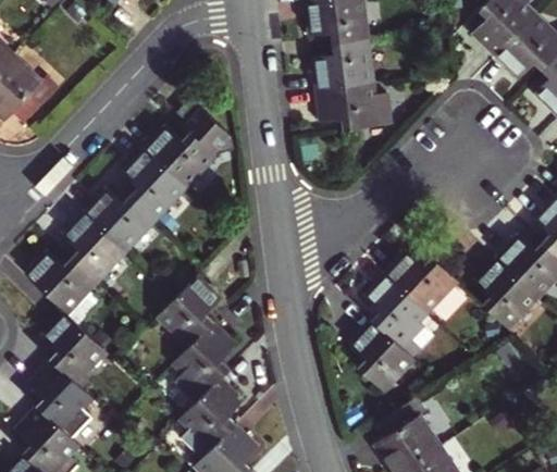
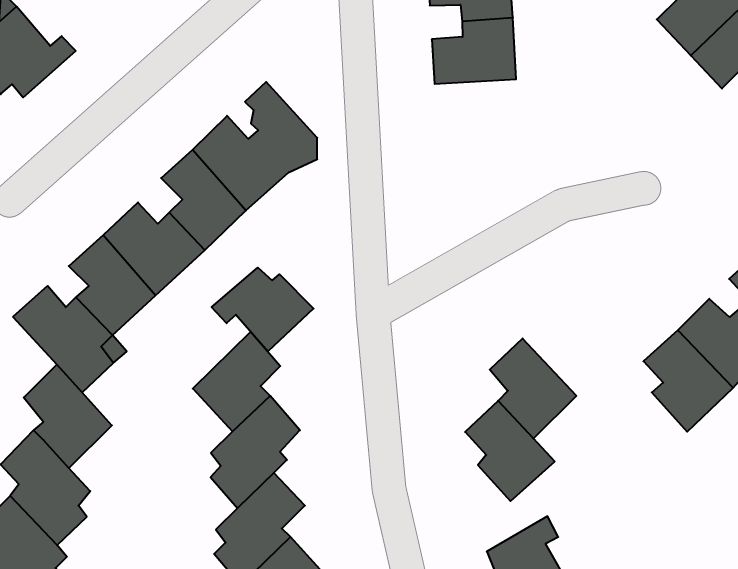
building: [314,85,392,133] -> none
building: none -> [212,268,314,351]
building: [391,245,459,307] -> none

